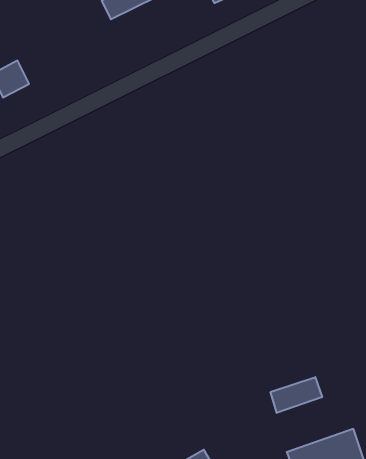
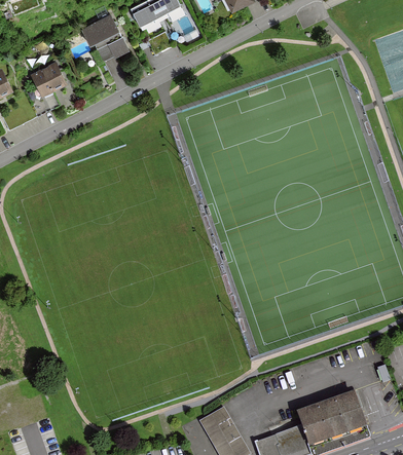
building: none -> [81,14,127,60]
building: [271,377,322,413] -> none

